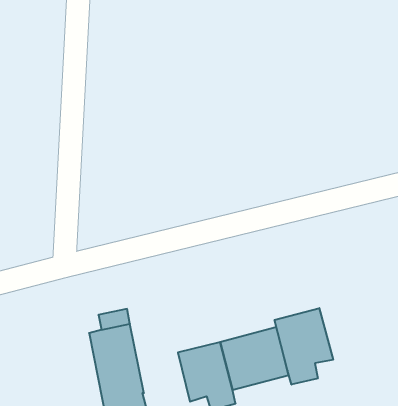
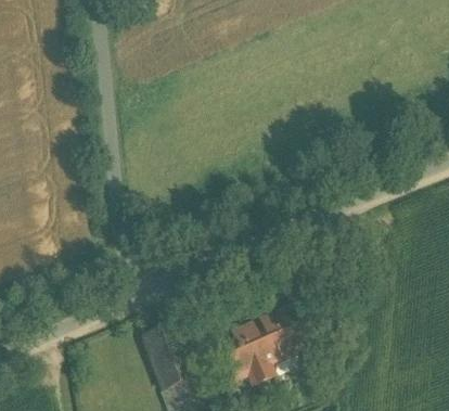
building: [275,308,333,385] -> none

